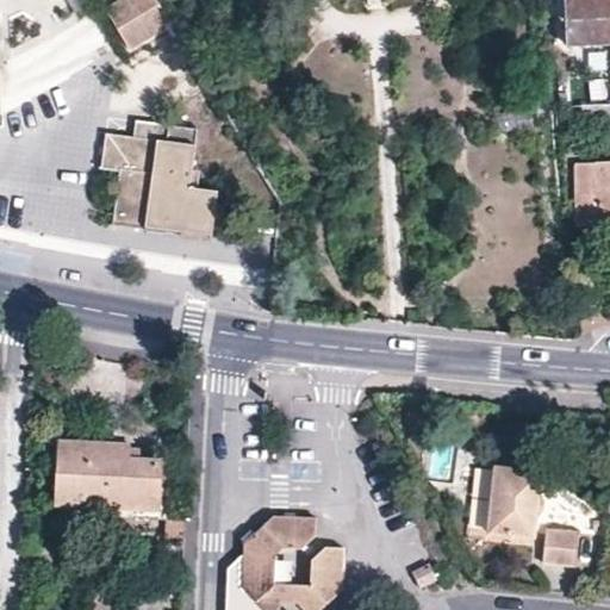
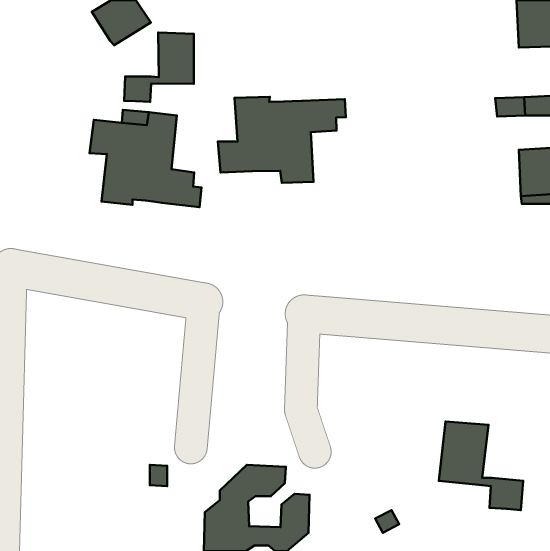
building: none -> [124,33,194,102]
building: none -> [218,97,346,183]
building: [57,437,163,510] -> none

